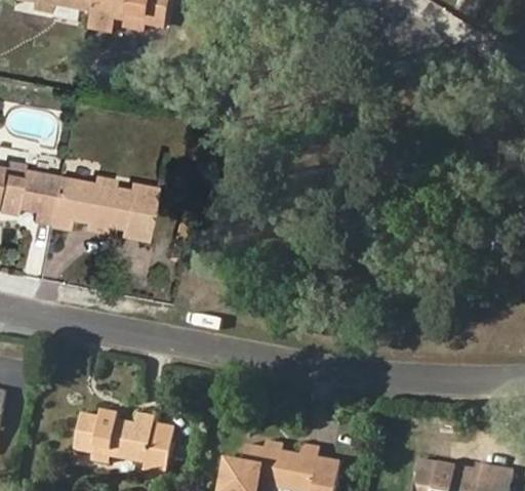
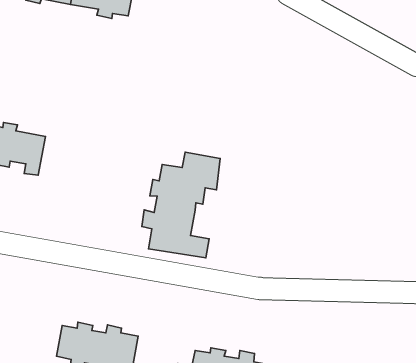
building: [49,175,168,241] -> none
building: none -> [142,152,220,258]

